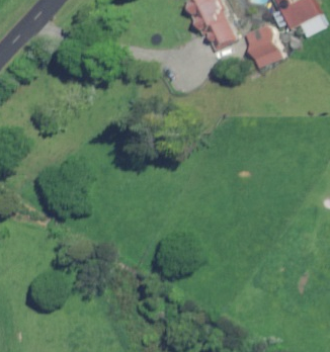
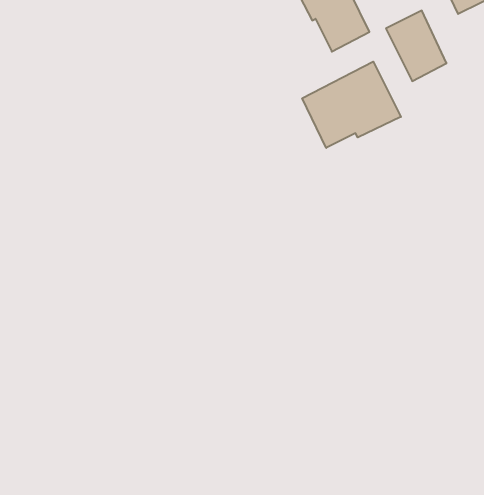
building: none -> [302,62,401,148]

